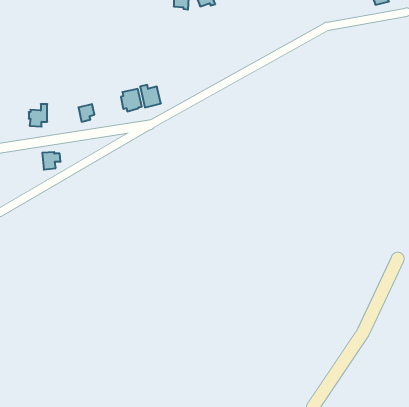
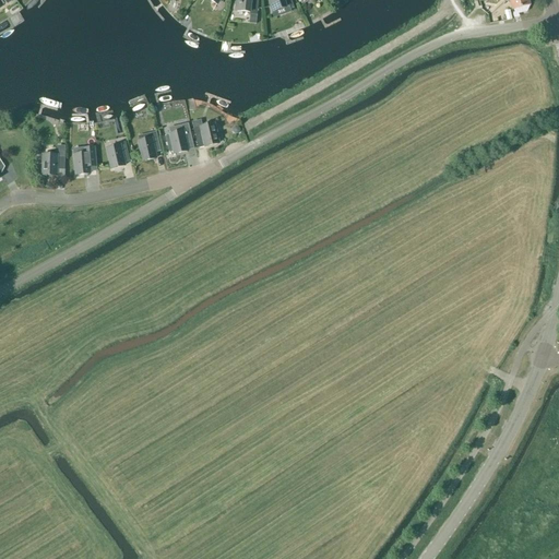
building: none -> [136,128,160,158]
building: [42,152,61,170] -> [72,148,97,173]

